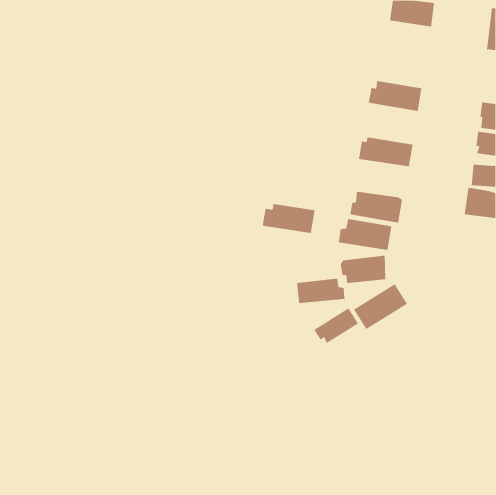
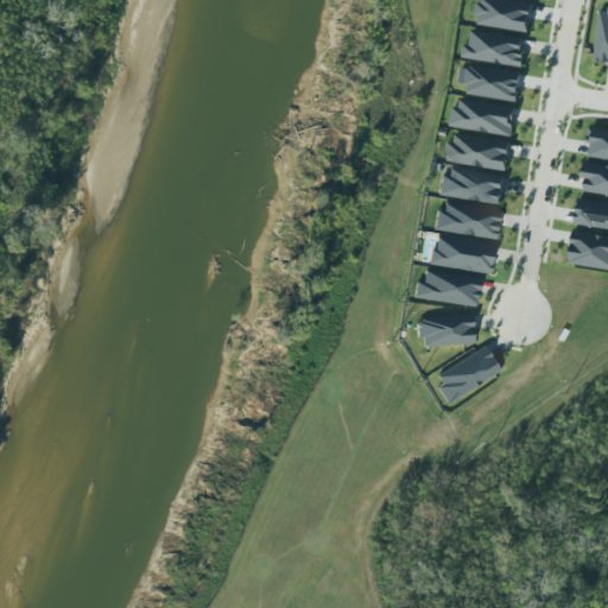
building: none -> [462,31,526,69]
building: none -> [464,66,522,103]
building: none -> [444,137,509,170]
building: [262,204,315,234] -> [432,203,498,240]
building: [297,278,345,304] -> none
building: [314,308,359,344] -> none

